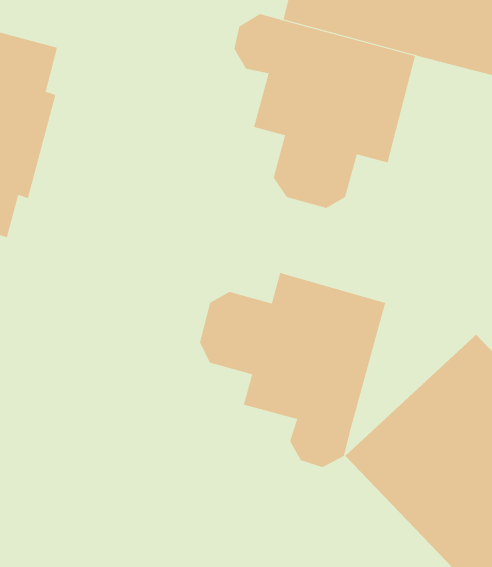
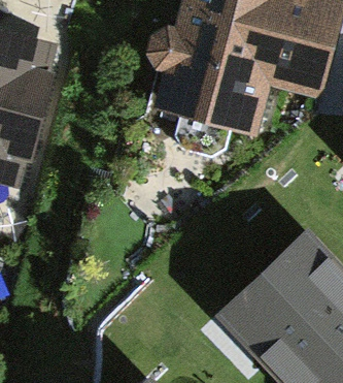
building: [199,272,386,468] -> none

